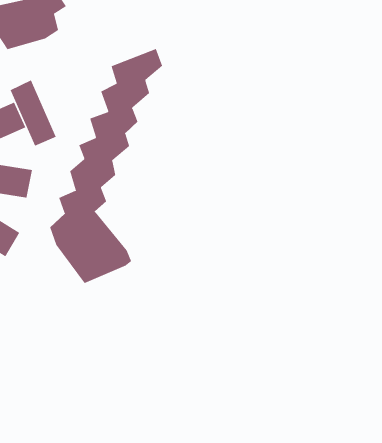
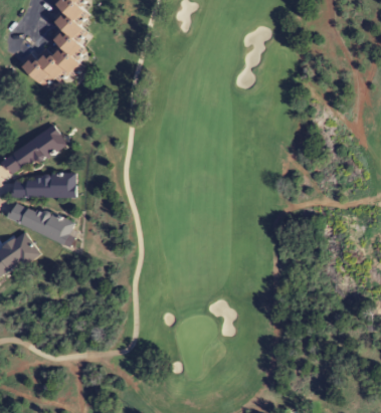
building: [49,48,163,284] -> none
building: [10,79,56,147] -> none

